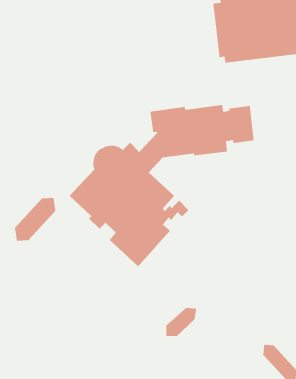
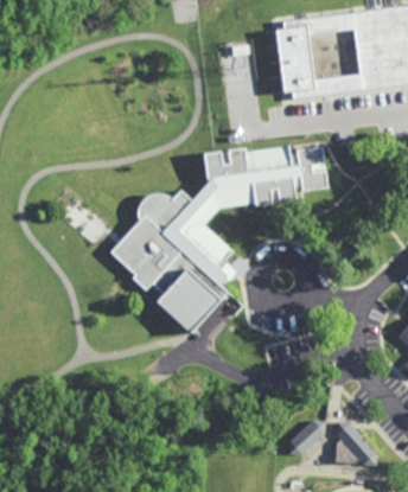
building: [14,197,56,242] -> none
building: [166,307,197,337] -> [287,422,324,456]

